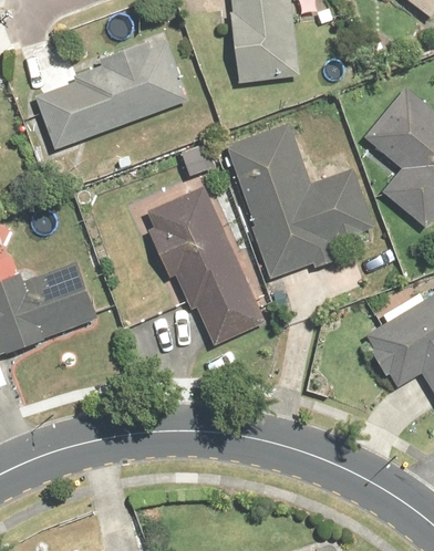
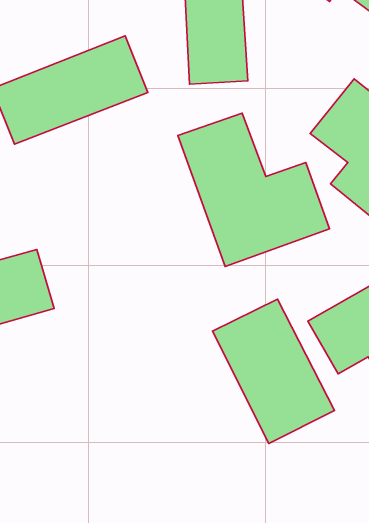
building: [144,185,271,351] -> none
building: none -> [212,299,335,443]

